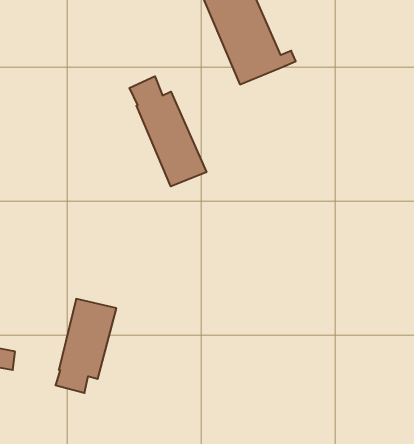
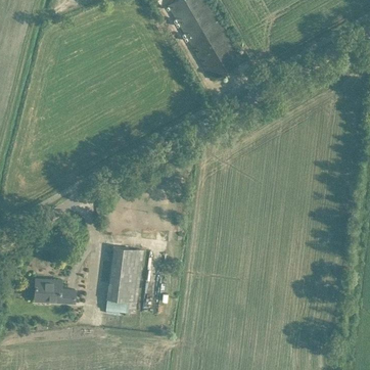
building: [129,76,206,186] -> none

